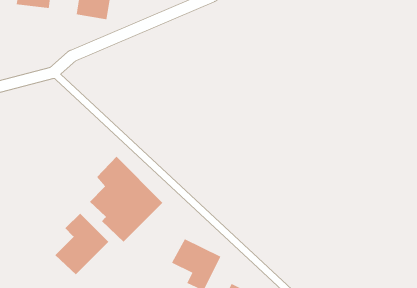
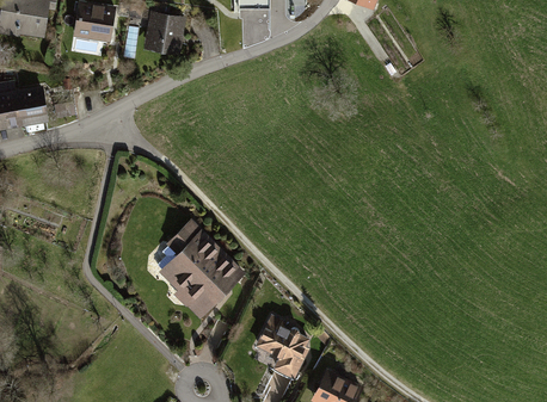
building: [54,213,109,275] -> none

